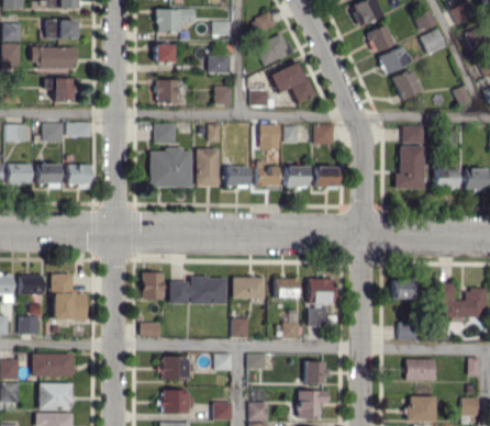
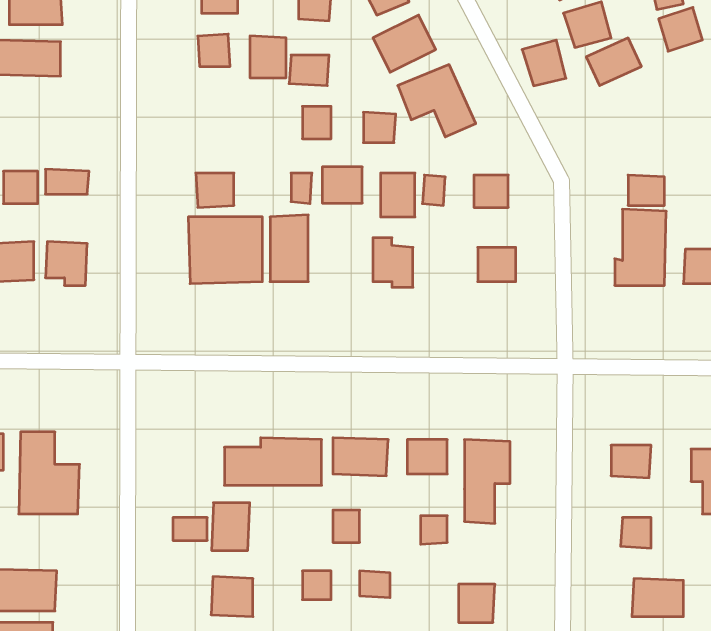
building: [393,70,419,97] -> [522,40,566,86]
building: [54,78,76,101] -> none
building: [156,79,177,103] -> [250,36,286,78]
building: [226,166,249,187] -> [322,167,362,203]
building: [286,166,310,187] -> none
building: [142,272,164,300] -> [212,503,250,550]

